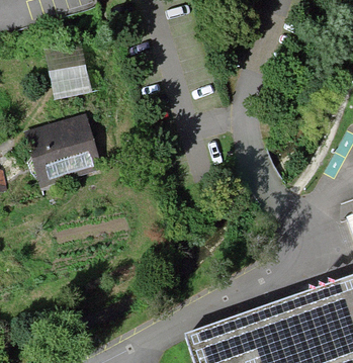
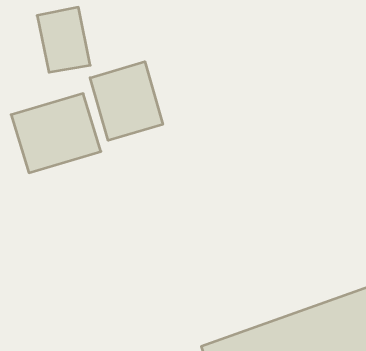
building: none -> [90,62,163,140]

